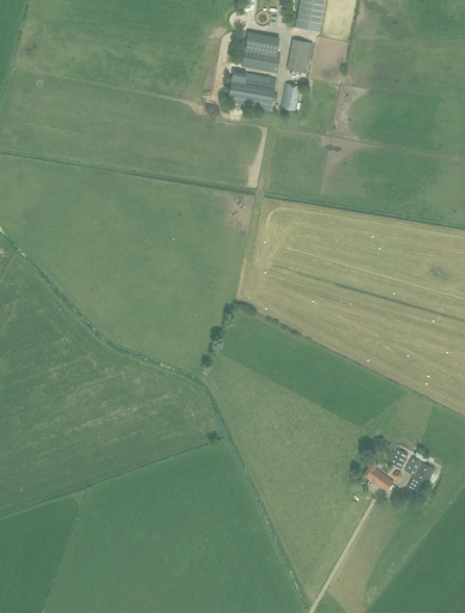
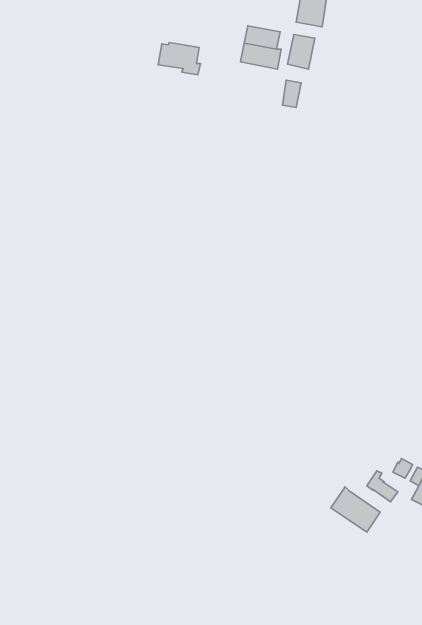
building: [236,73,277,104] -> [158,42,200,75]
building: none -> [331,487,380,532]

